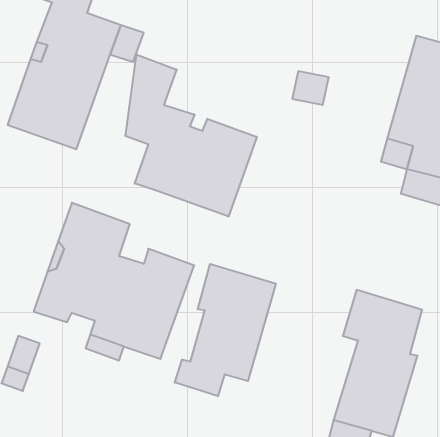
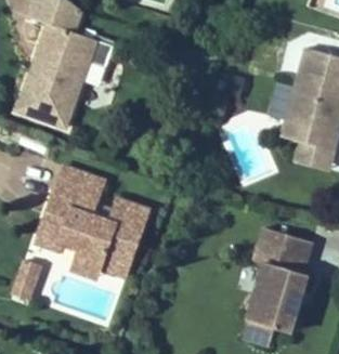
building: [125,54,257,217] -> none
building: [175,264,276,396] -> none

